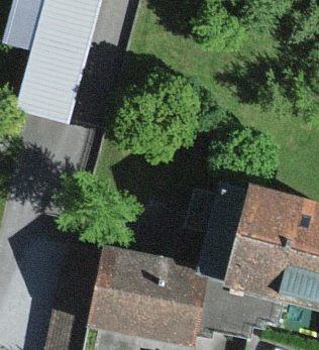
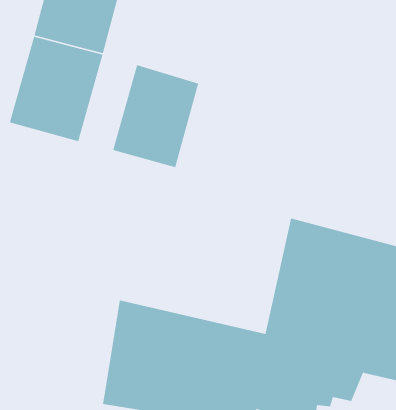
building: none -> [112,64,199,168]

